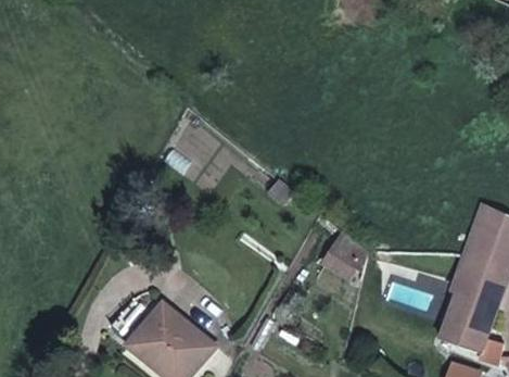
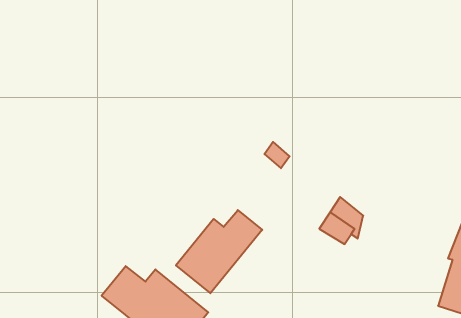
building: none -> [176,210,262,293]

